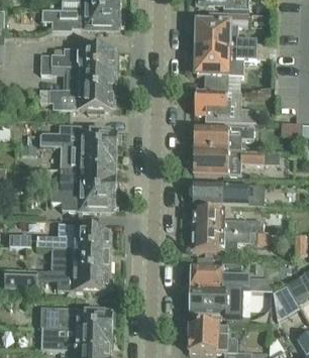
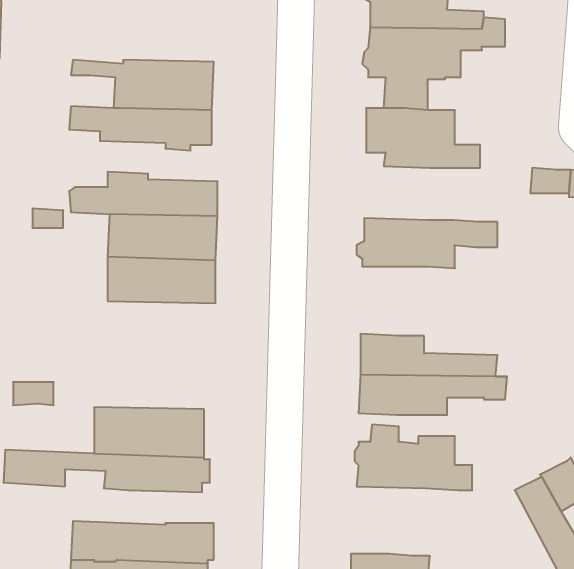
building: [41,47,116,68] -> none
building: [191,125,253,149] -> none
building: [192,182,258,205] -> none
building: [50,192,119,211] -> none
building: [36,223,111,248] -> none
building: [190,288,249,325] -> none

